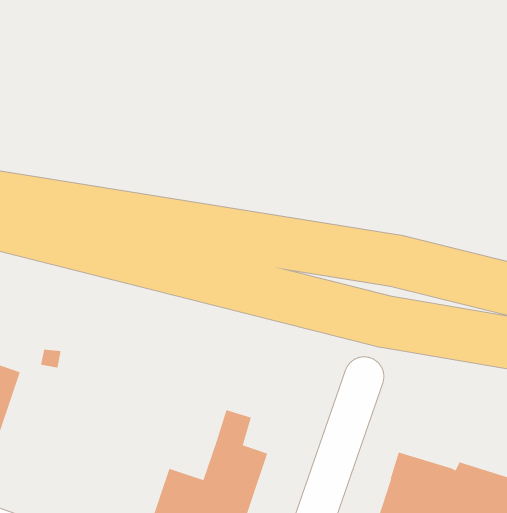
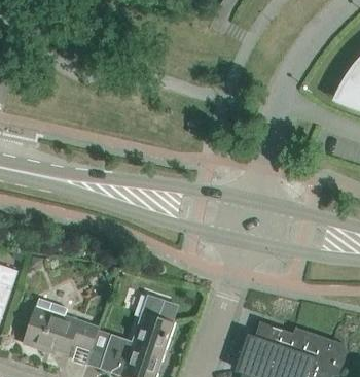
building: none -> [22,297,97,354]

